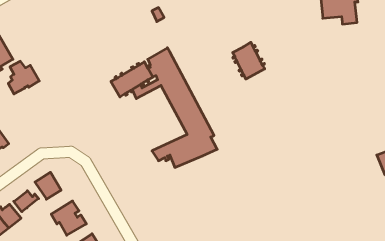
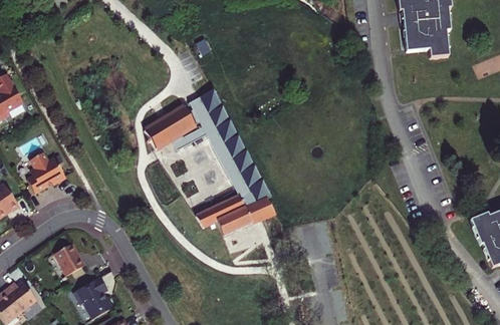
building: [233,42,265,79] -> none
building: [8,61,39,94] -> [26,151,64,192]
building: [14,191,39,212] -> none

